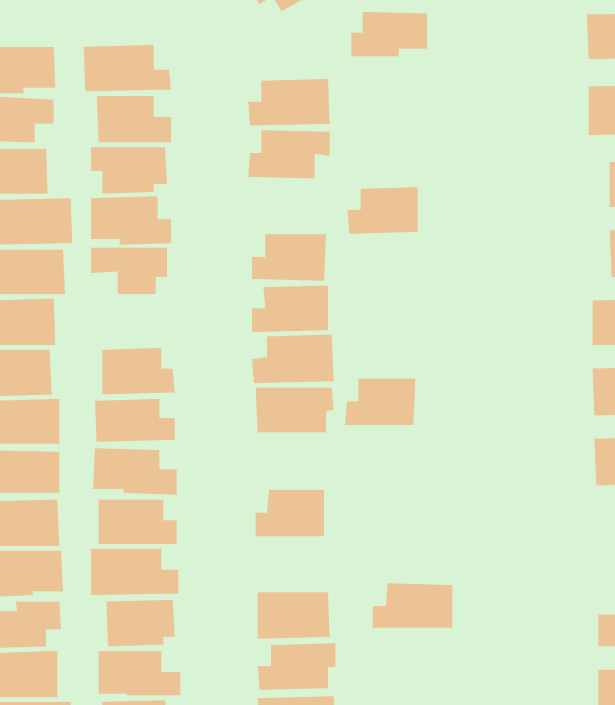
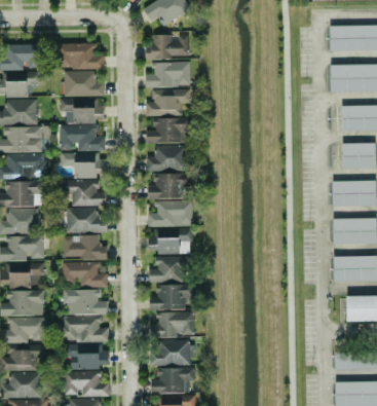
building: [350,11,428,57] -> [147,35,189,60]
building: [346,187,418,234] -> [147,118,186,144]
building: none -> [60,180,105,207]
building: [344,378,416,425] -> [149,257,188,283]
building: [372,583,453,628] -> [150,312,194,337]

